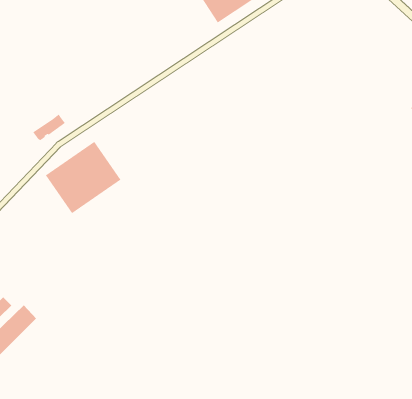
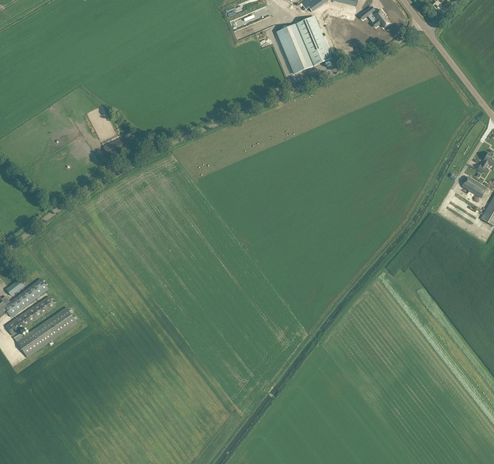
building: [45,141,121,214] -> none

